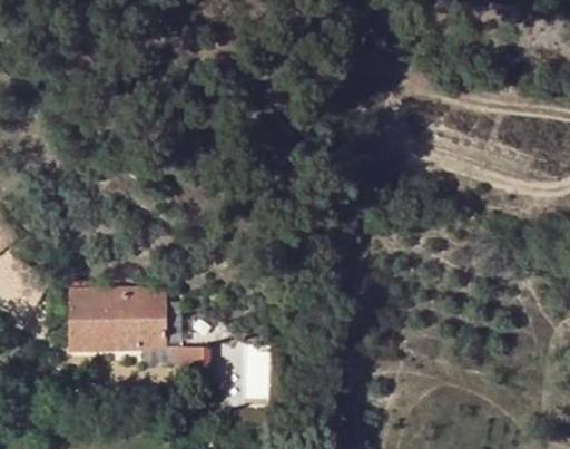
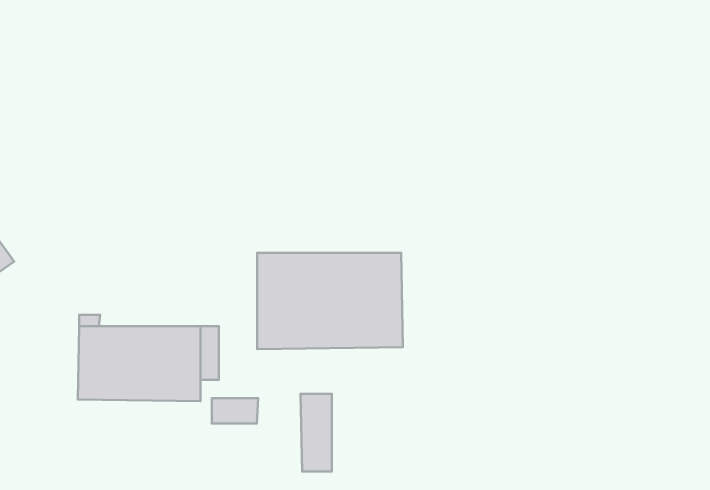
building: none -> [257,253,403,349]

